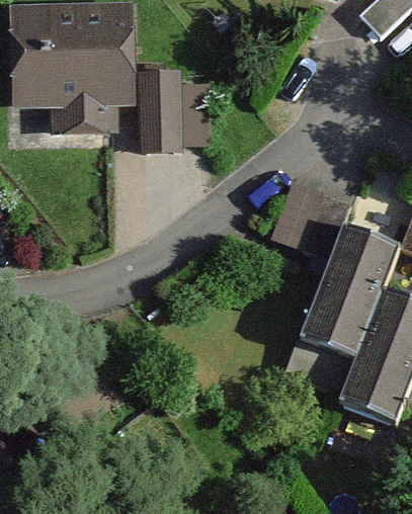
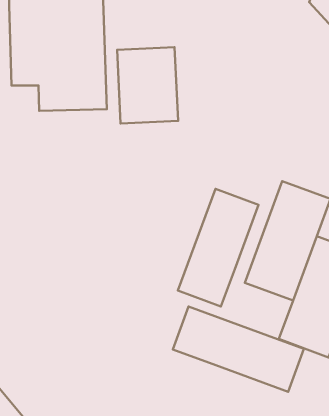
building: none -> [178,189,259,306]
building: none -> [173,306,304,392]

